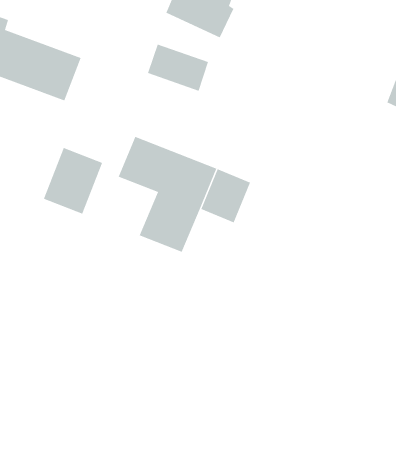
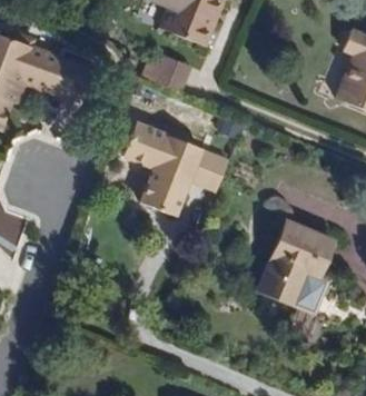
building: [43,147,103,214] -> none
building: none -> [257,224,332,315]

